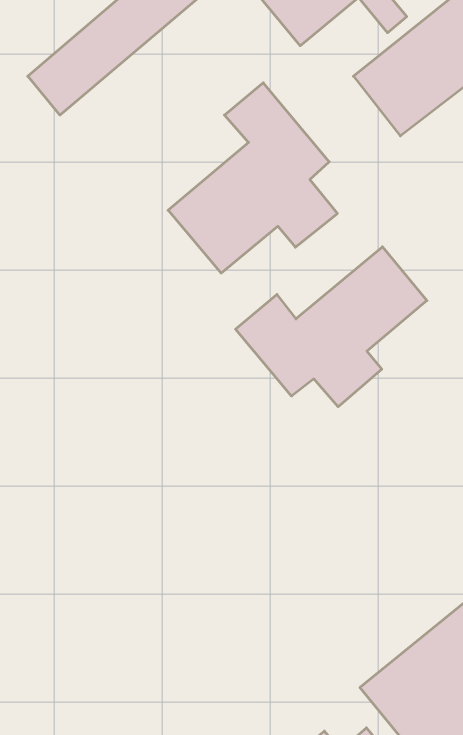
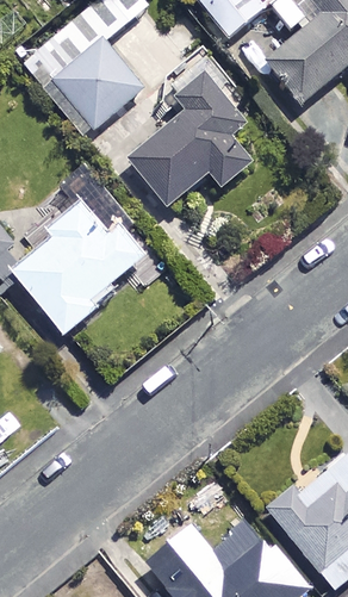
building: none -> [51,41,148,133]
building: [236,247,427,407] -> none
building: none -> [10,204,144,332]

